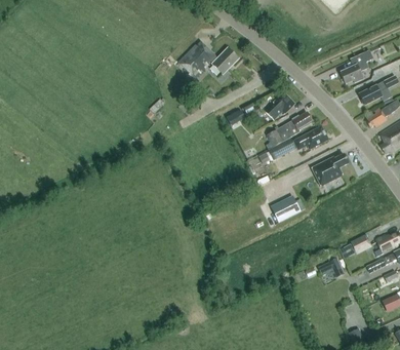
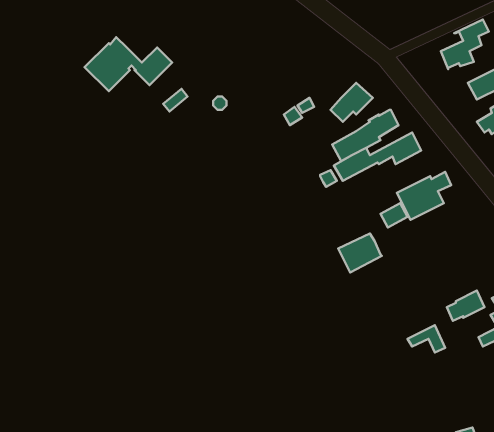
building: [178,40,238,77] -> [85,37,172,91]

